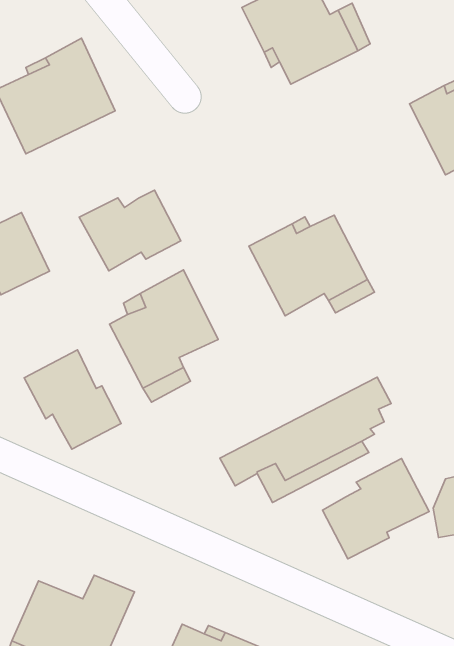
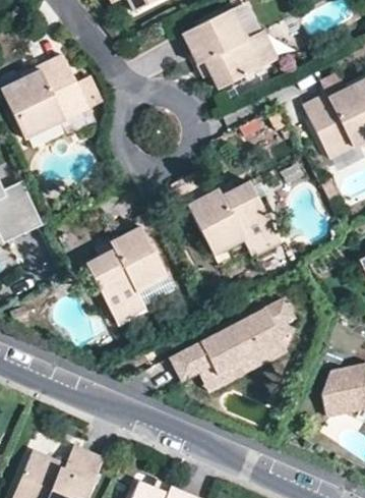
building: [79,190,181,271] -> none
building: [24,350,121,449] -> none
building: [322,458,429,559] -> none

